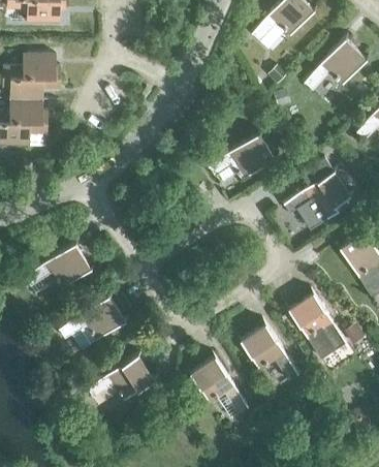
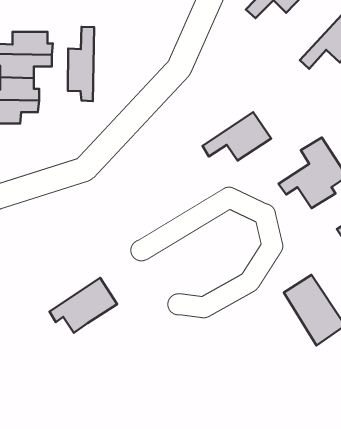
building: none -> [68,27,94,101]
building: [25,243,92,288] -> none
building: [241,323,299,381] -> none
building: [87,355,154,400] -> none
building: [190,356,249,413] -> none

